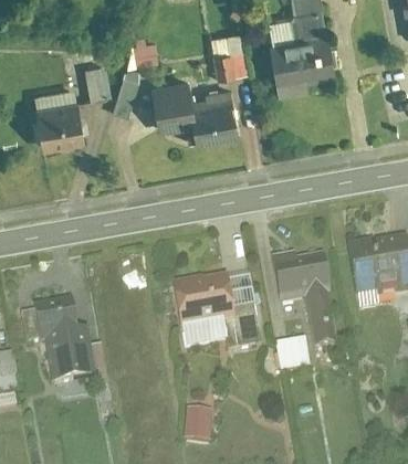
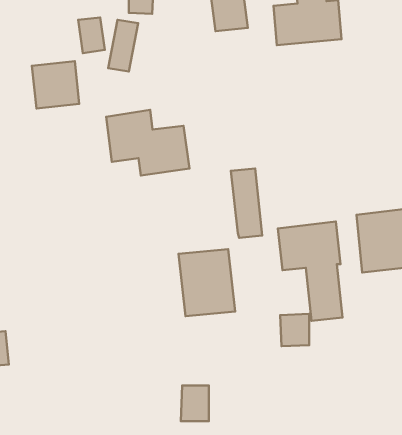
building: [153,80,232,143] -> [106,110,189,176]
building: [227,276,257,342] -> [231,168,262,238]
building: [33,300,97,387] -> none

